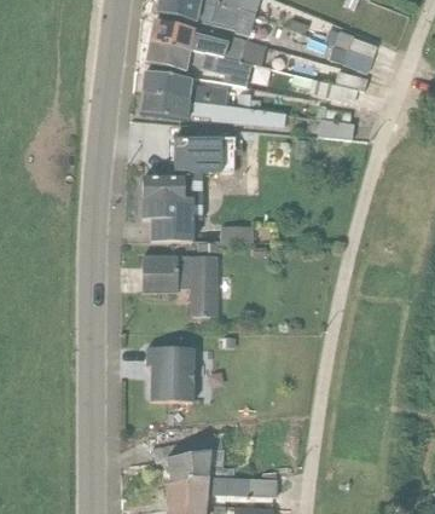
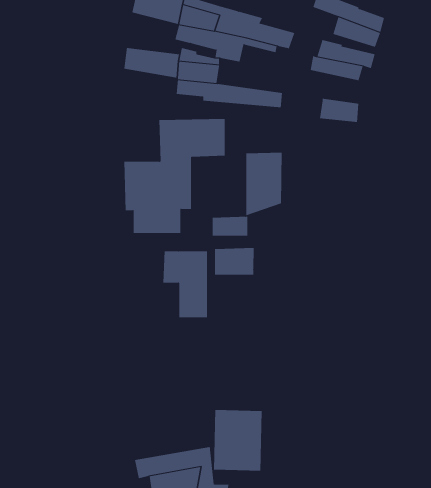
building: [145,41,191,73] -> none
building: [139,92,190,121] -> none
building: none -> [246,152,282,216]
building: none -> [215,247,254,275]
building: [141,256,178,294] -> none
building: [150,345,195,400] -> [213,409,263,471]

